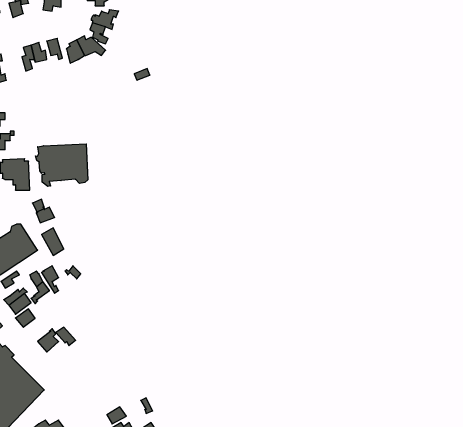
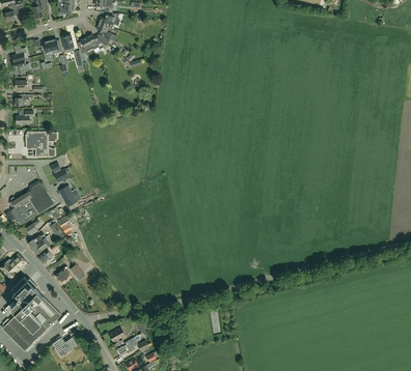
building: [36,144,88,186] -> none

